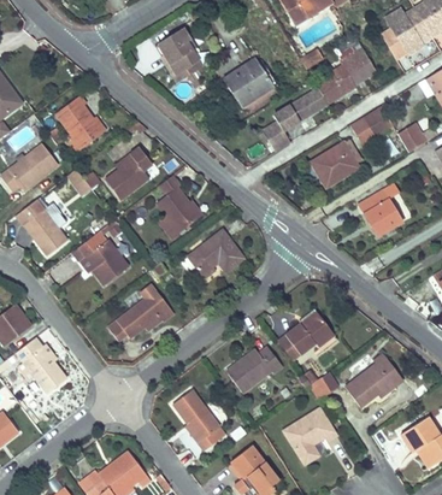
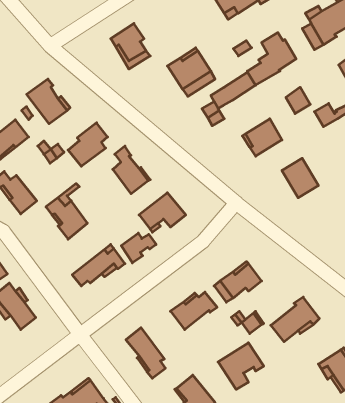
building: none -> [121,233,156,263]

